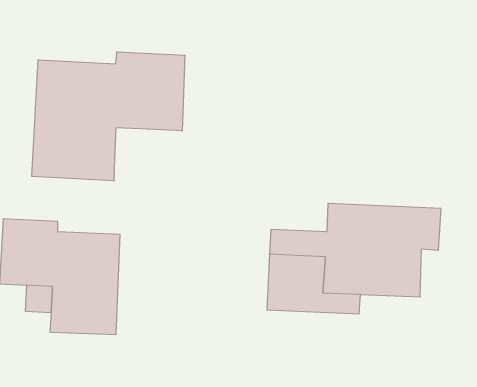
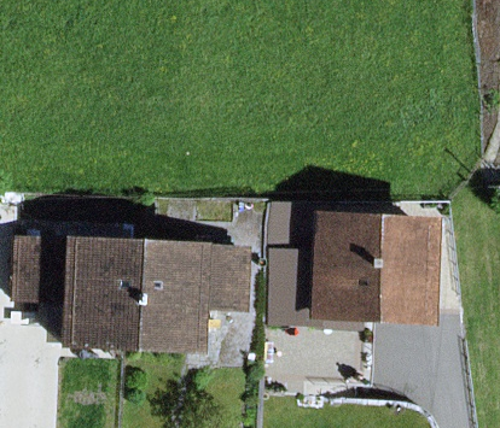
building: [32,52,185,181] -> none
building: none -> [143,245,257,347]

